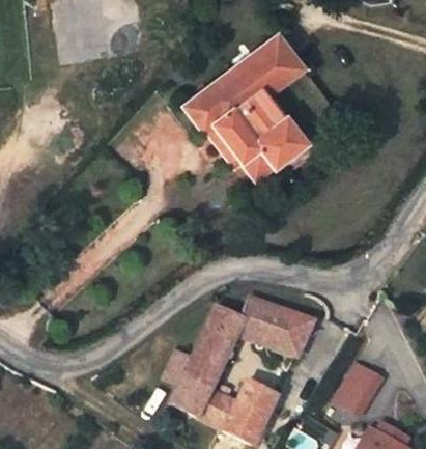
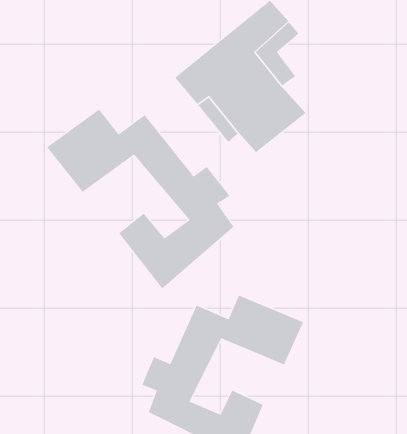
building: none -> [46,108,235,290]
building: [334,360,376,408] -> none

